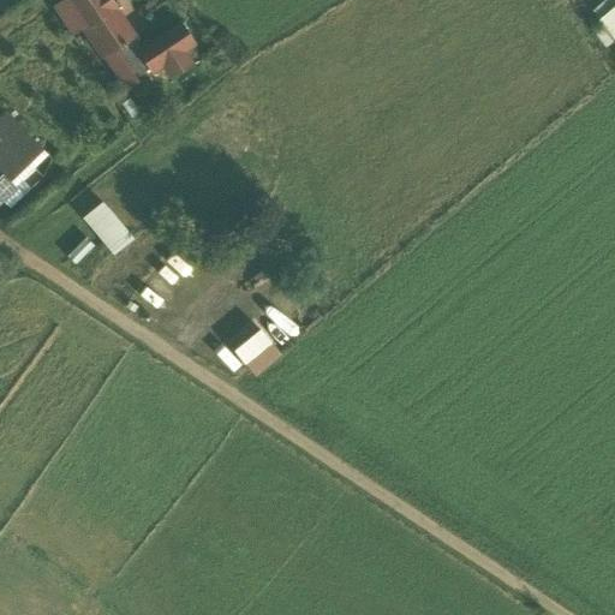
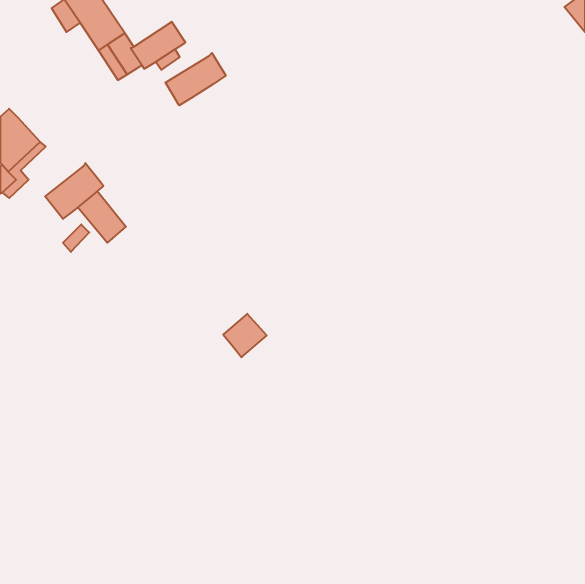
building: none -> [165,53,226,105]
building: none -> [45,163,103,219]

